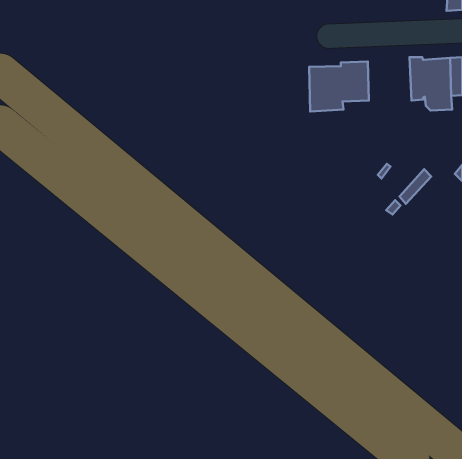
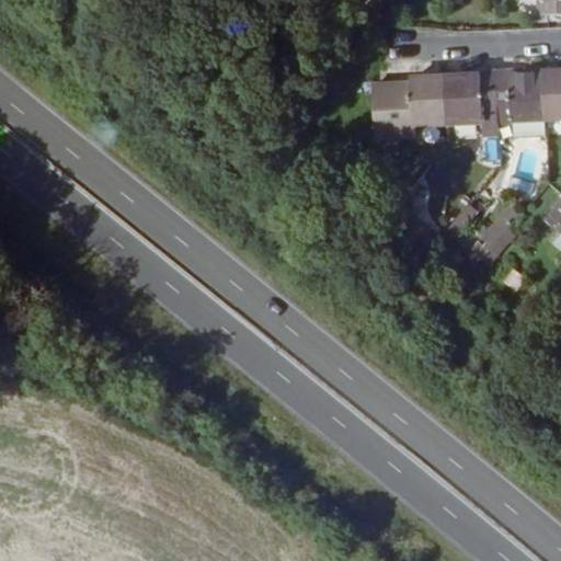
building: none -> [446,69,499,133]

